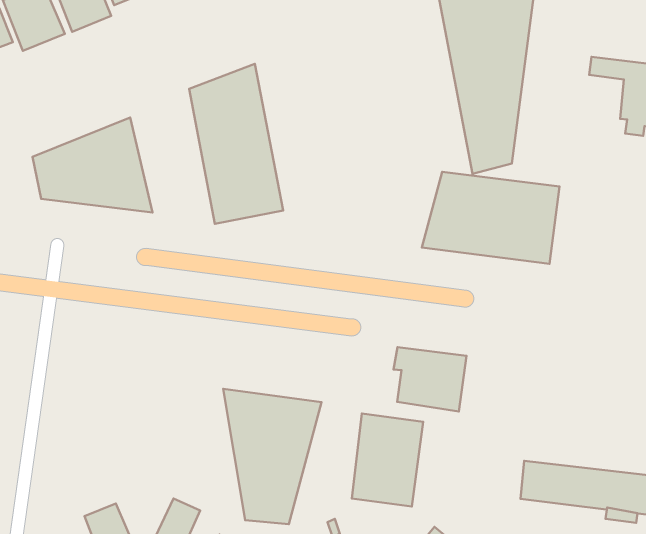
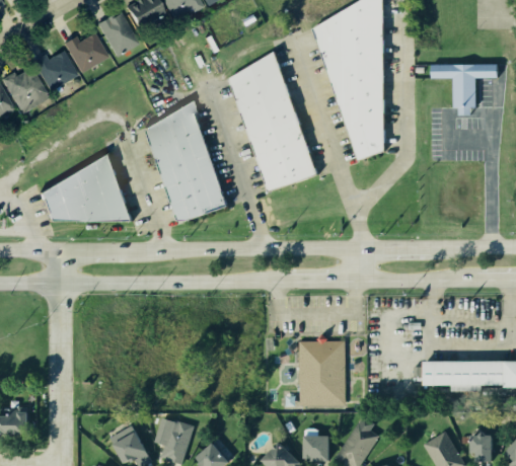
building: none -> [228,52,316,192]
building: [422,172,560,264] -> none
building: [393,347,466,412] -> none
building: [223,389,321,524] -> none

